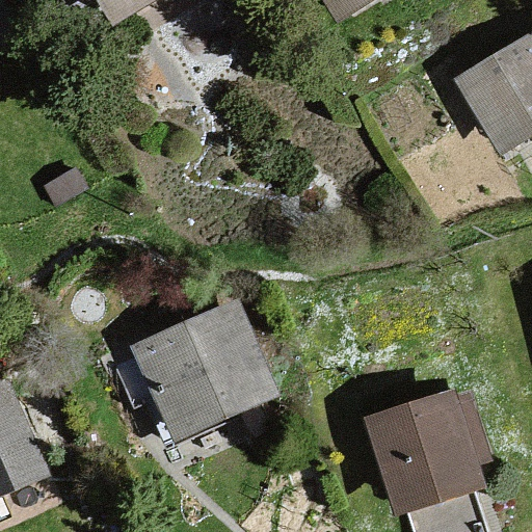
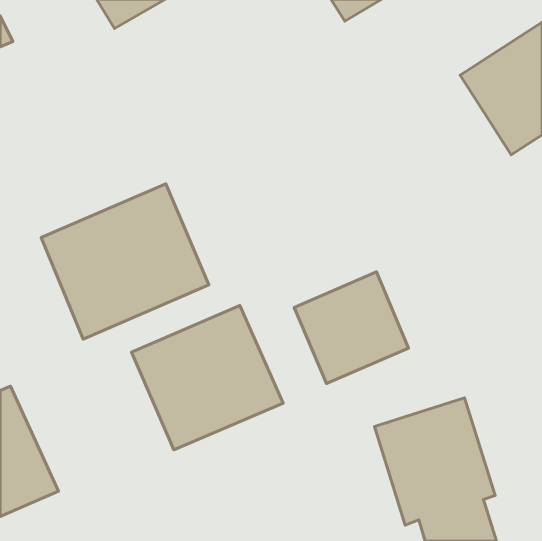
building: none -> [41,184,209,339]
building: none -> [294,272,408,383]

